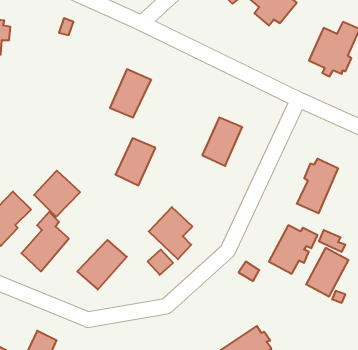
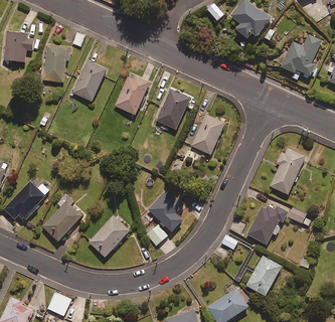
building: none -> [42,44,68,82]
building: none -> [72,60,105,101]
building: [115,138,155,185] -> [156,90,189,129]
building: [34,171,80,217] -> none
building: [306,248,349,296] -> [245,255,281,295]

